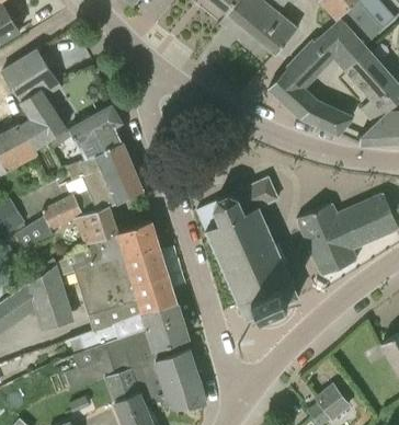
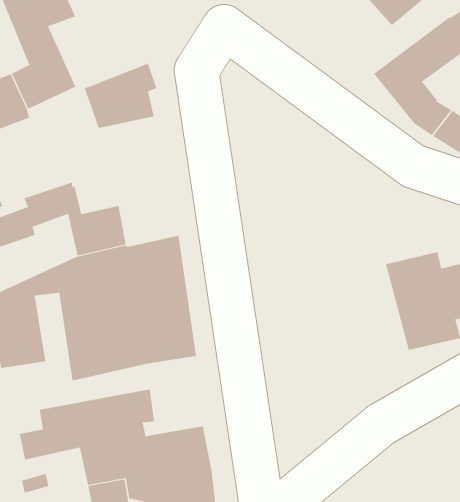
building: [67,141,144,216] -> none
building: [197,177,298,321] -> none
building: [76,301,189,353] -> none

